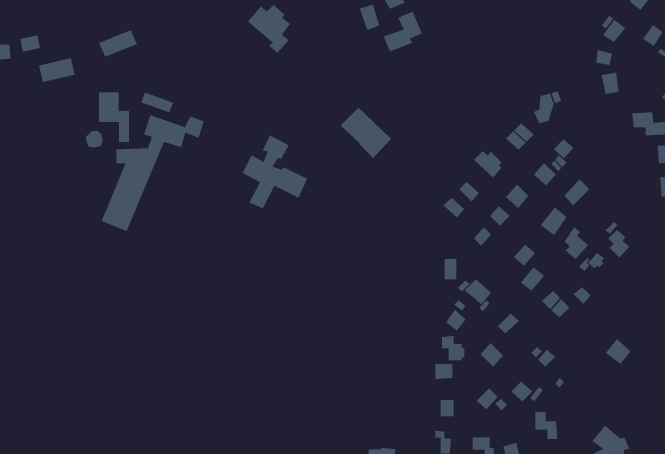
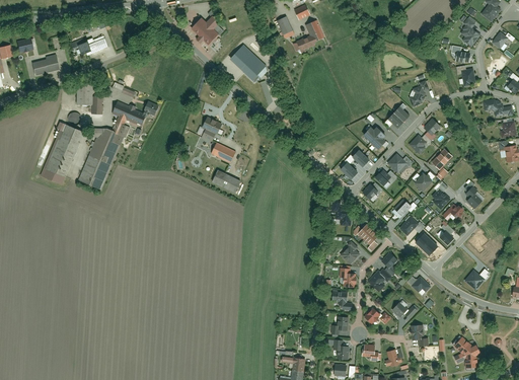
building: [340,107,392,159] -> [229,45,269,84]
building: none -> [42,124,82,182]
building: none -> [212,166,243,194]

